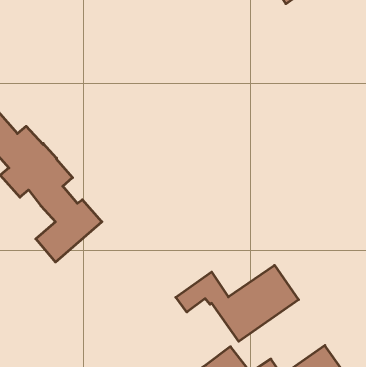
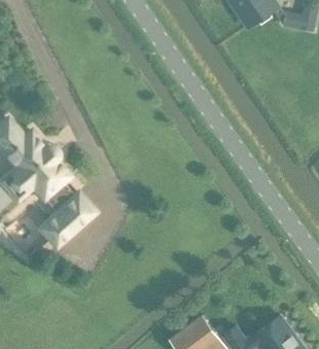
building: [176,265,299,341] -> none

